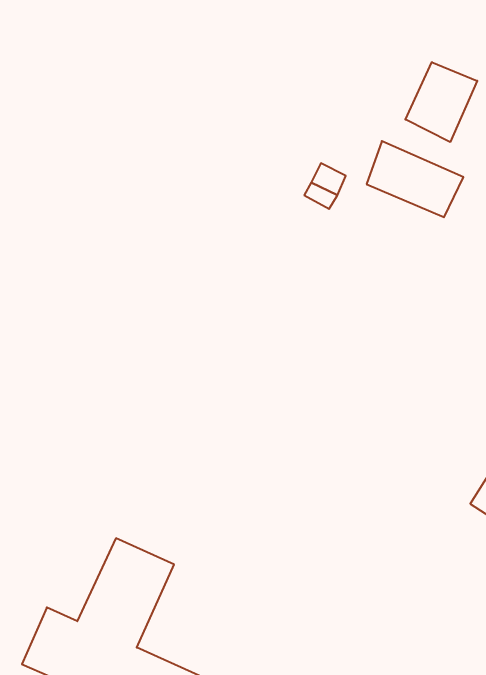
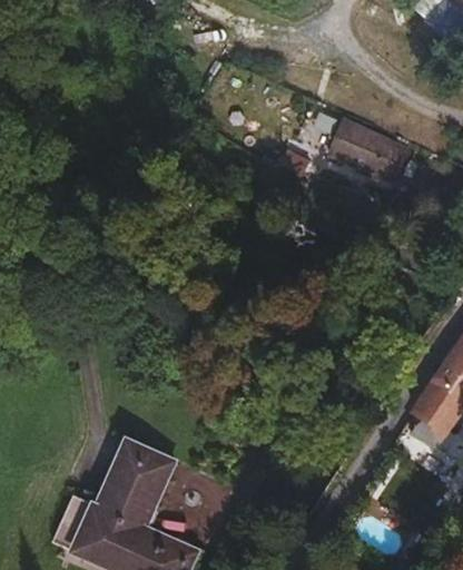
building: [405,62,477,142] -> none

